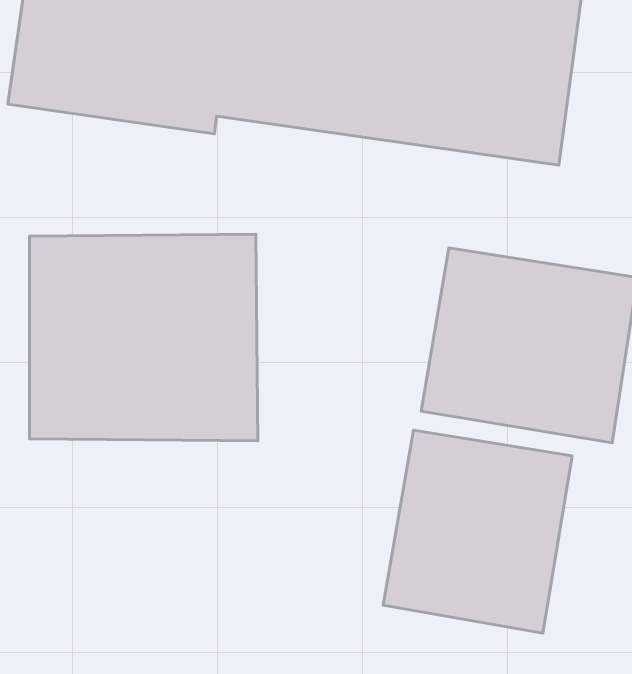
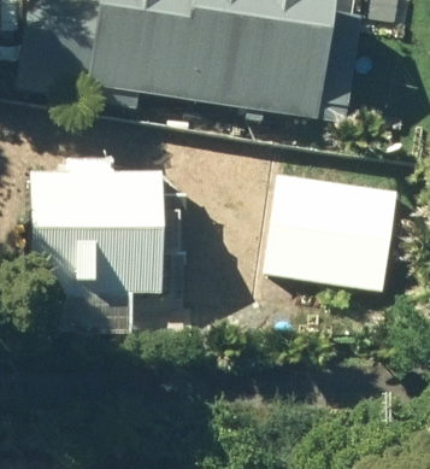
building: [383,430,572,633] -> none

